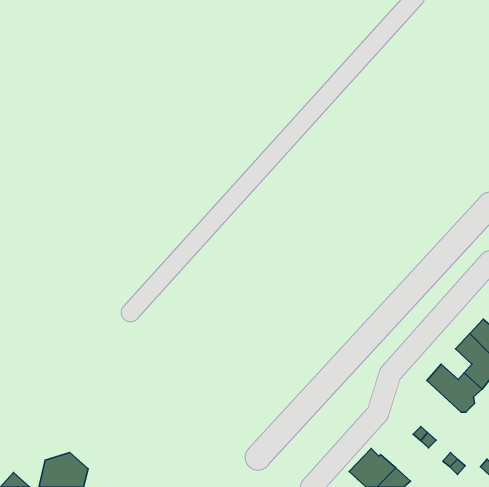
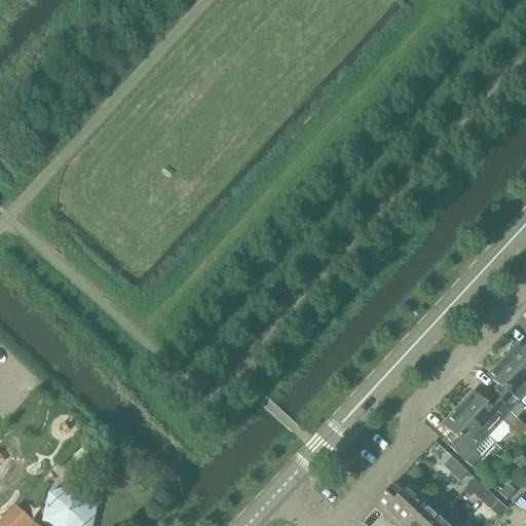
building: none -> [444,408,495,466]

